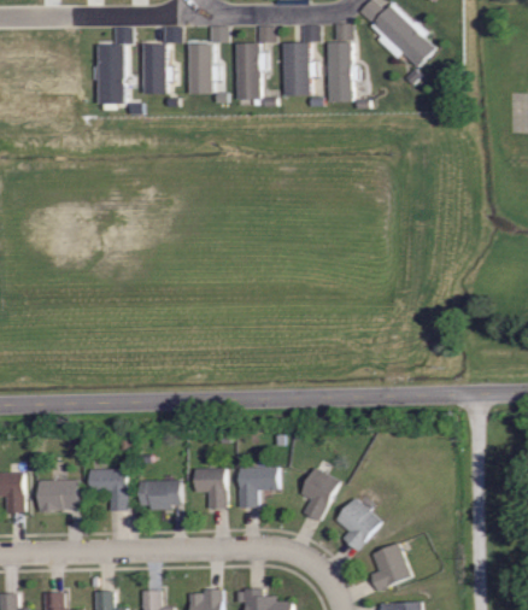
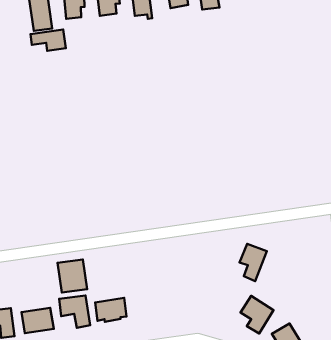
building: none -> [30,30,66,51]
building: none -> [57,259,87,293]
building: [239,465,276,506] -> none
building: [194,467,225,506] -> none
building: [297,469,335,521] -> [240,244,267,281]

